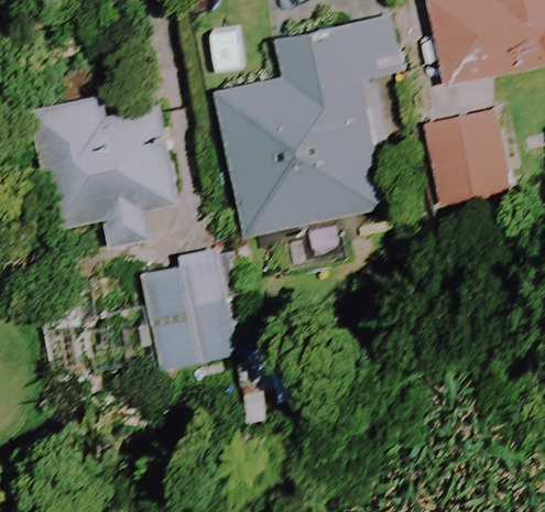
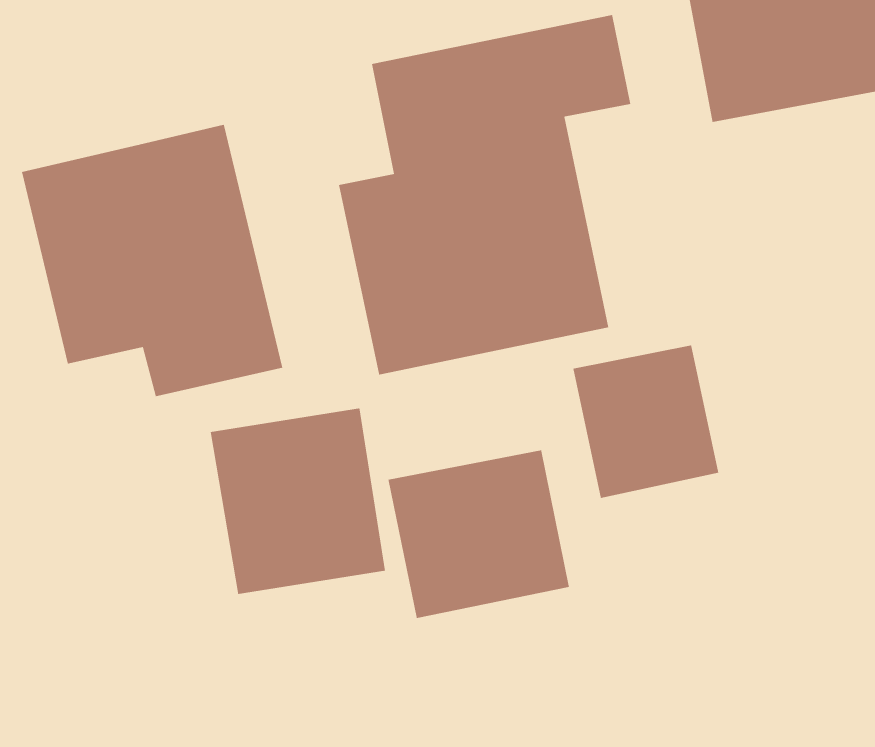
building: [422,111,510,204] -> [573,345,719,498]
building: none -> [388,449,570,619]

